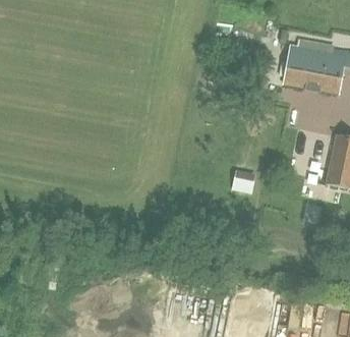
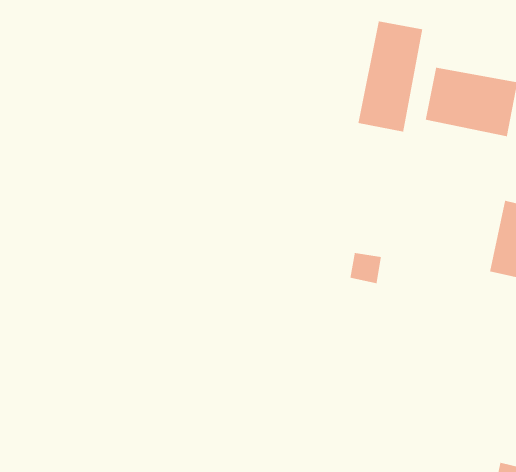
building: none -> [357,21,423,132]

